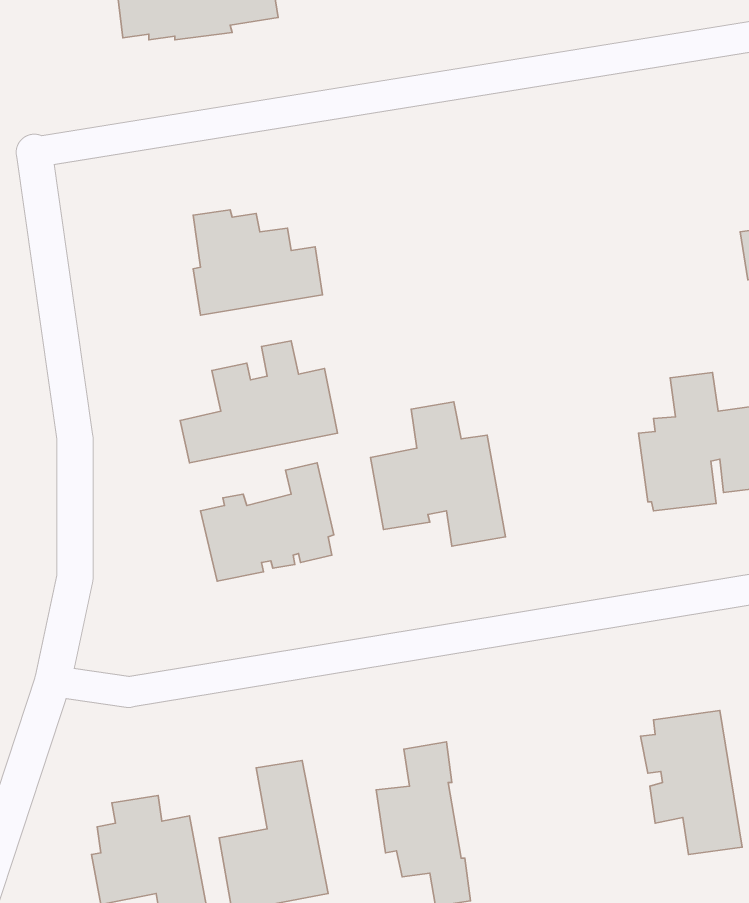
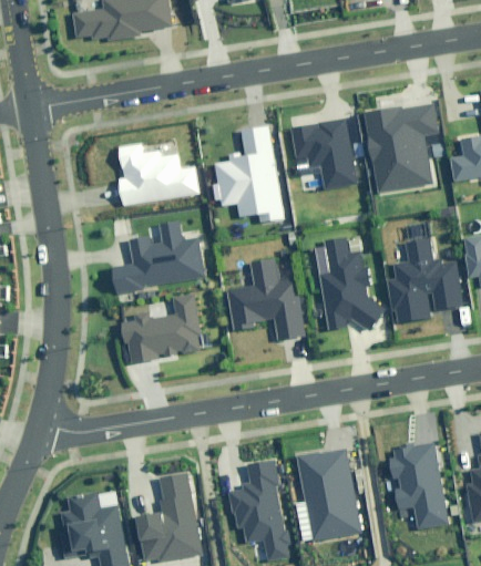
building: none -> [361,105,436,192]
building: none -> [291,117,358,189]
building: none -> [212,125,284,220]
building: none -> [316,235,382,328]
building: none -> [295,449,357,538]

